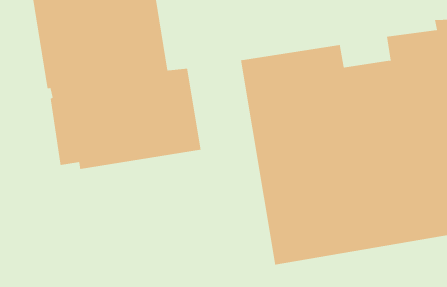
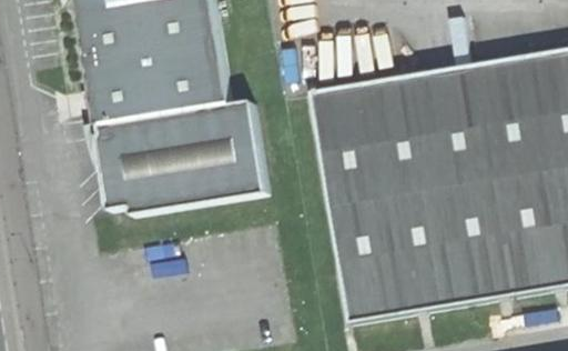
building: none -> [424,63,479,98]

